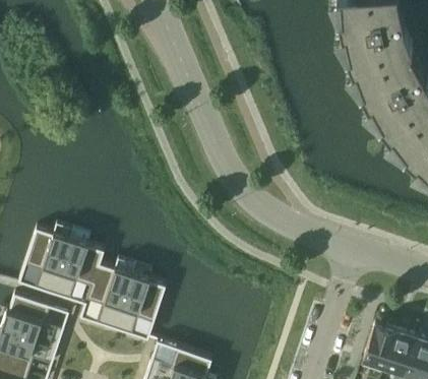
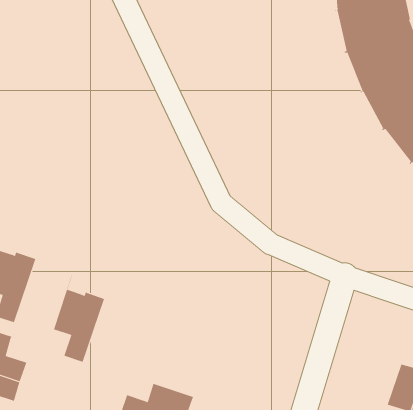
building: [53,236,104,299] -> none
building: [114,271,166,334] -> none
building: [363,322,396,366] -> none

